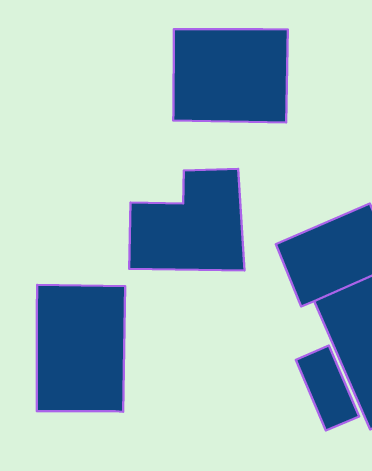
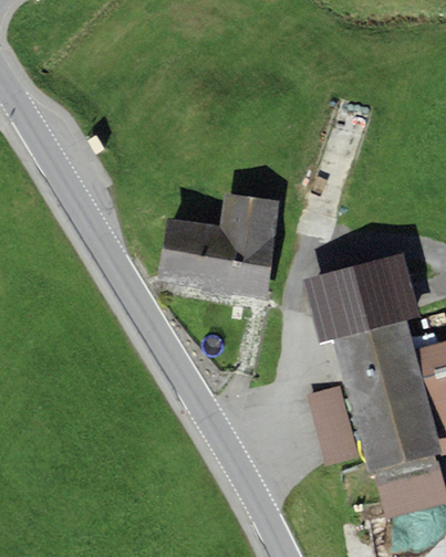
building: [173,29,288,122] -> none
building: [37,285,125,412] -> none

